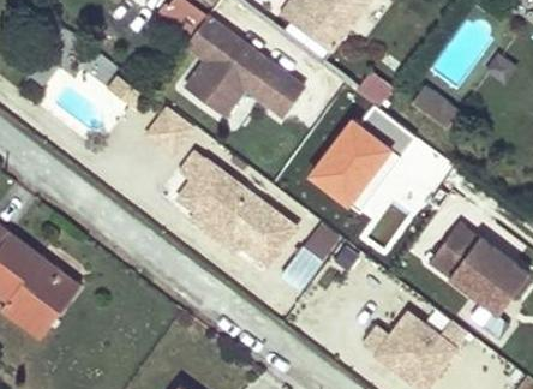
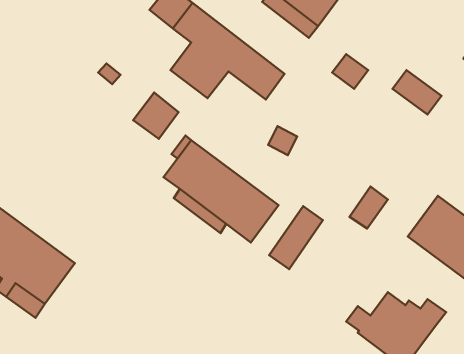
building: [310,122,394,210] -> none

